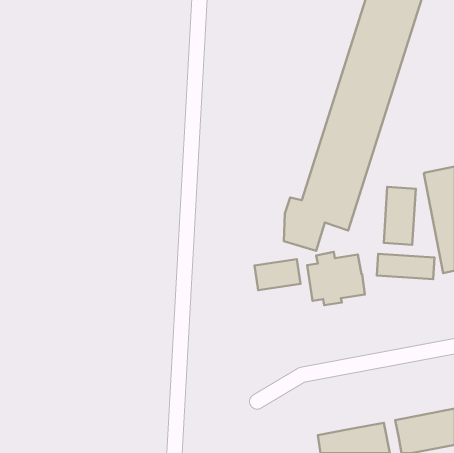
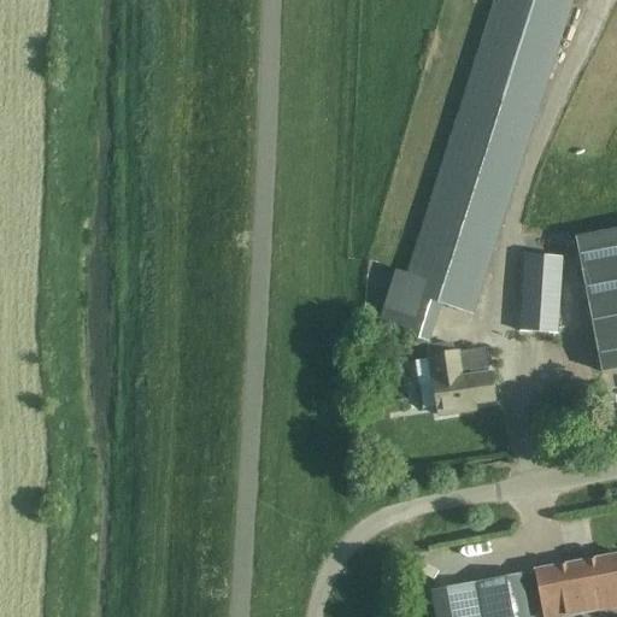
building: [377,254,435,279] -> none
building: [254,259,300,290] -> none

